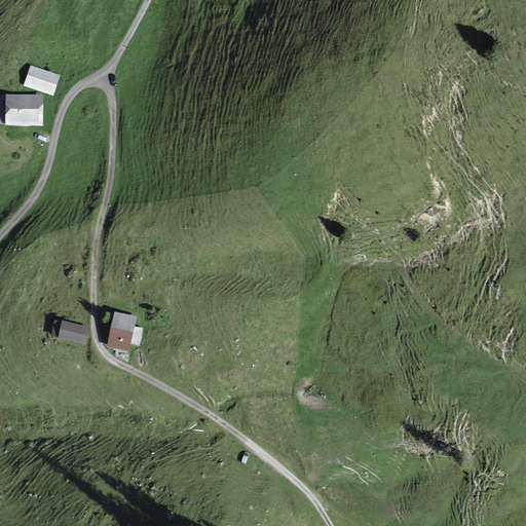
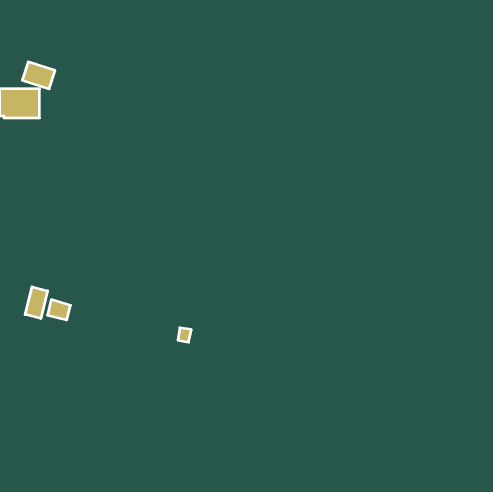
building: none -> [25,287,48,319]
building: [107,312,141,350] -> none

